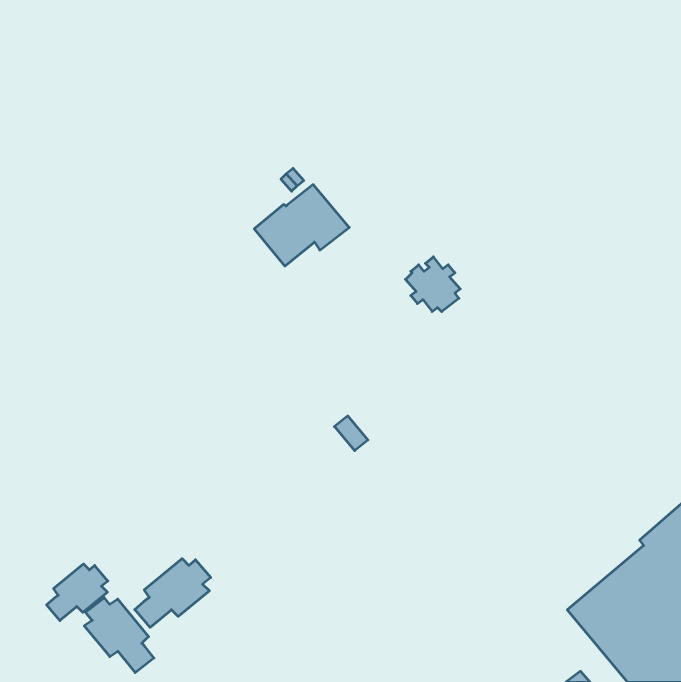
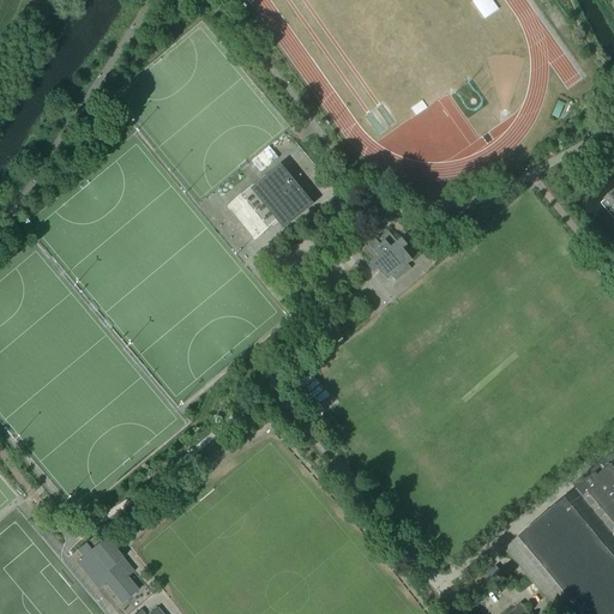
building: [135,559,211,627] -> none
building: [47,564,108,621] -> none

